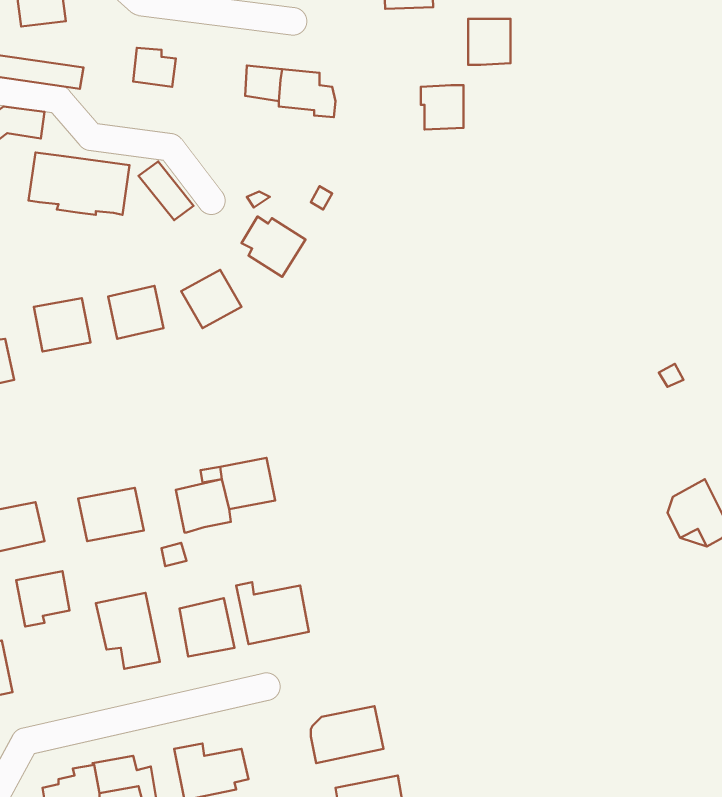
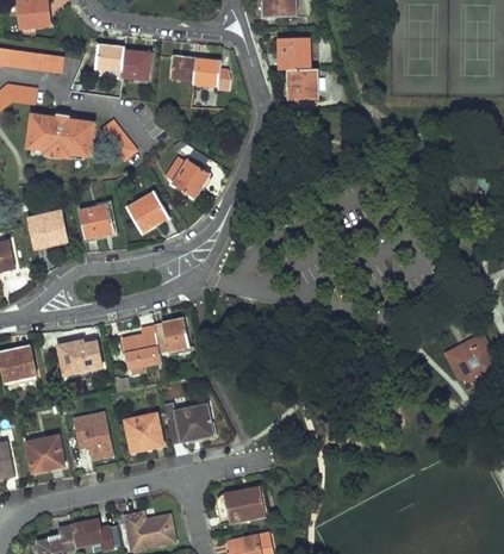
building: [468,19,511,65] -> [280,39,309,70]
building: none -> [122,51,150,80]
building: [16,571,69,626] -> [26,435,62,472]

